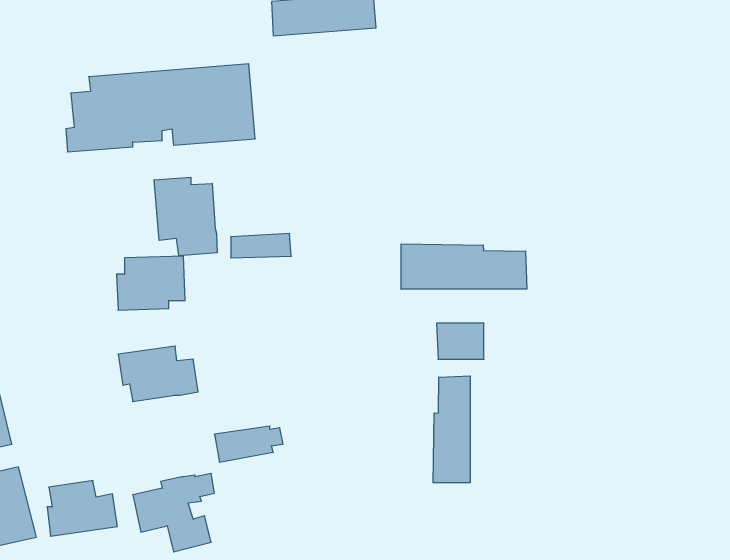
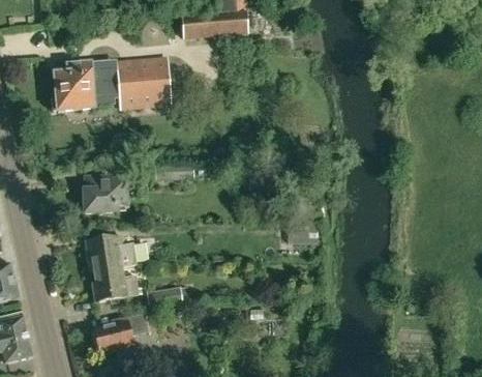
building: [154,177,217,256] -> none
building: [401,244,527,289] -> none
building: [433,376,470,483] -> none
building: [47,481,117,536] -> [92,266,137,301]

